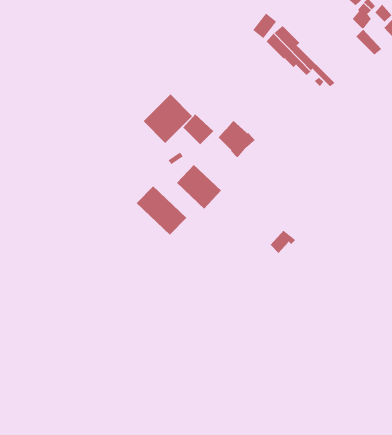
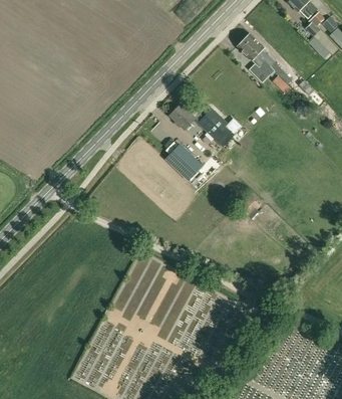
building: [143,94,193,144] -> none
building: [136,186,187,235] -> none

